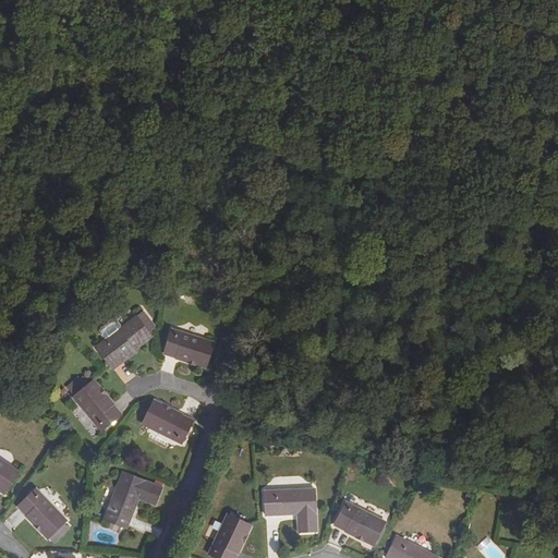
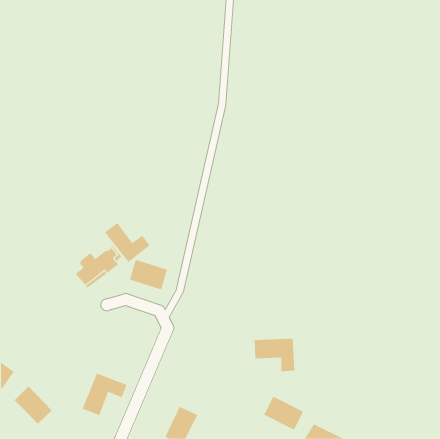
building: none -> [104,222,151,263]
building: [73,379,121,429] -> none
building: [143,399,192,442] -> none
building: [264,488,316,531] -> [254,338,295,372]

